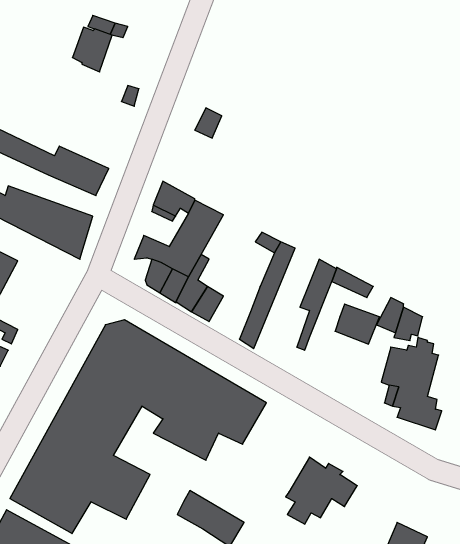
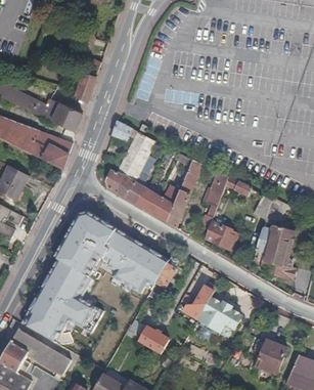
building: [72,27,112,72] -> [71,71,96,99]
building: none -> [146,183,179,221]
building: [335,304,380,344] -> [205,220,233,246]
building: none -> [183,281,217,319]

